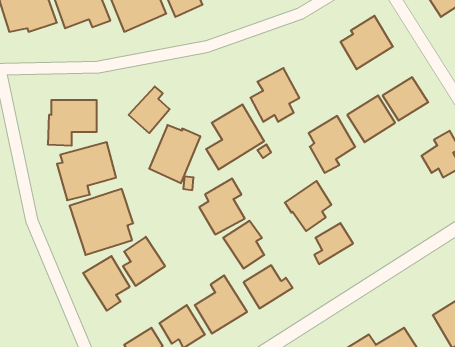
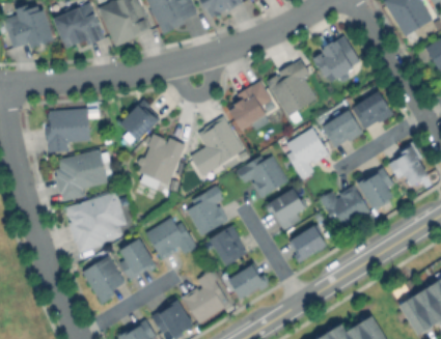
building: none -> [266,59,318,117]
building: none -> [235,158,286,200]
building: none -> [355,164,393,209]
building: none -> [316,186,368,228]
building: none -> [144,218,195,258]

